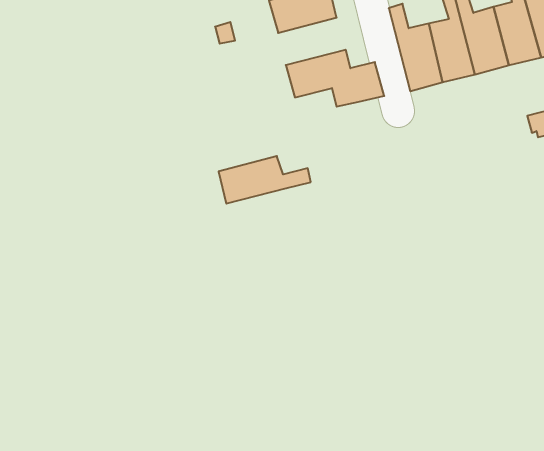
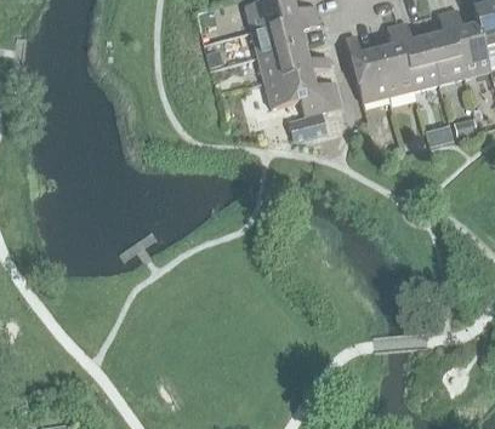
building: none -> [289,111,328,139]
building: [219,156,311,204] -> [258,45,331,82]

